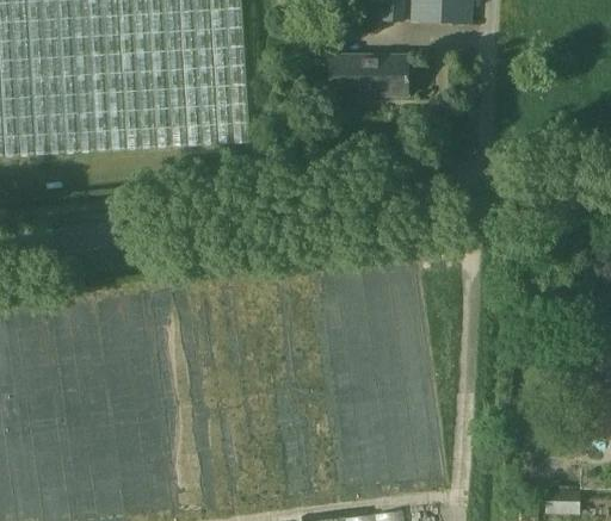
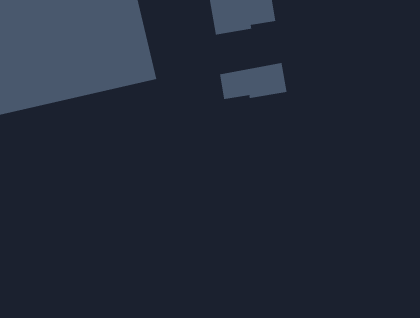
building: none -> [219,62,287,100]

